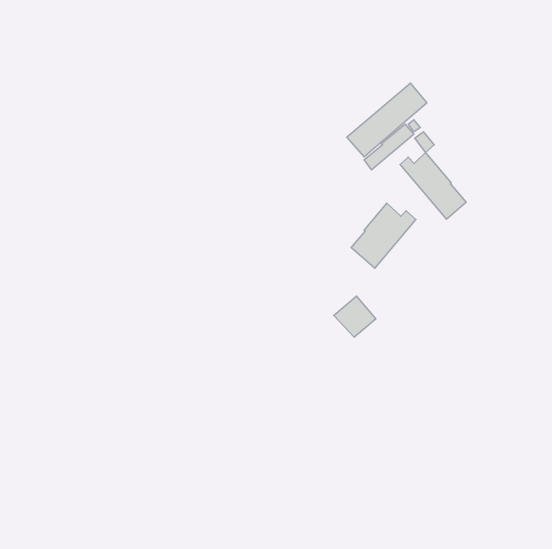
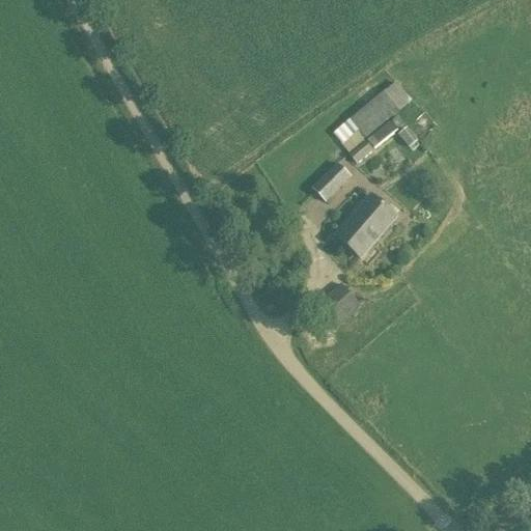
building: [400,152,466,219] -> none
building: none -> [311,162,351,201]

